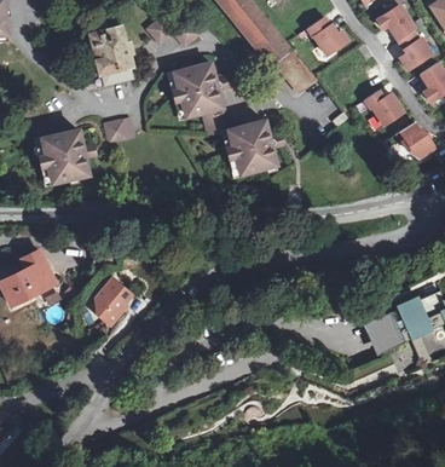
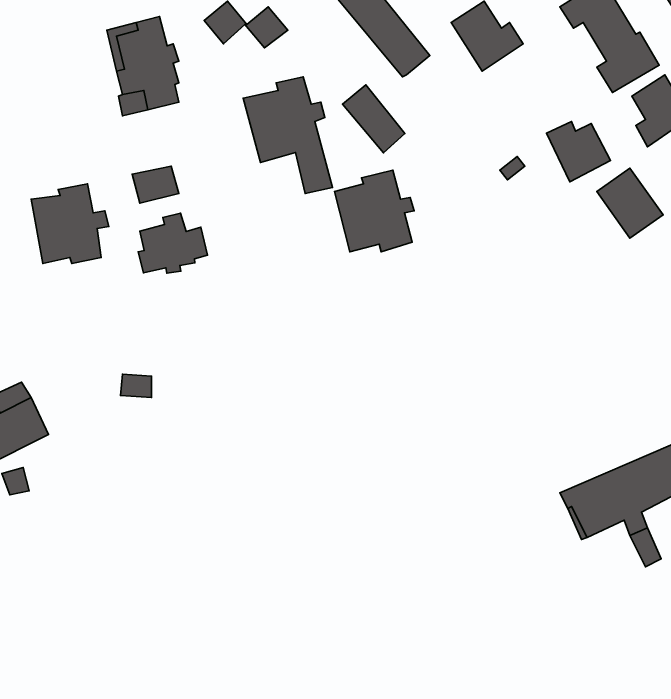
building: [274,48,313,91] -> [343,85,405,153]
building: none -> [138,213,208,273]
building: [97,277,131,324] -> none

